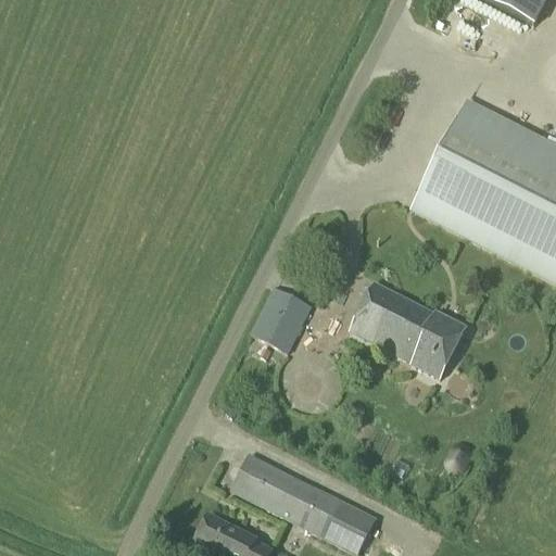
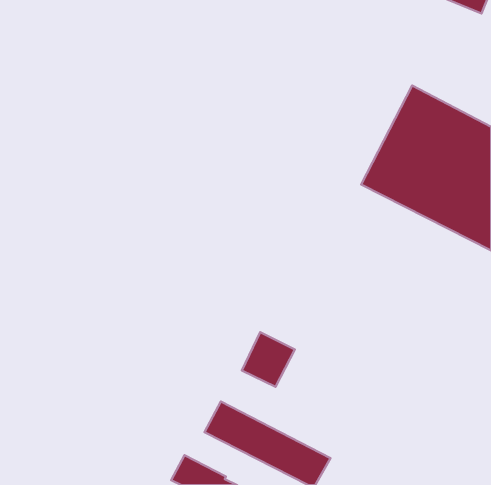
building: [350,281,466,378] -> none
building: [250,289,309,351] -> [242,332,295,387]

